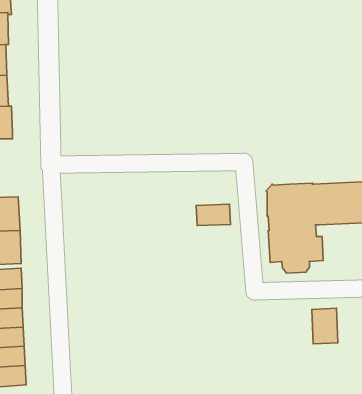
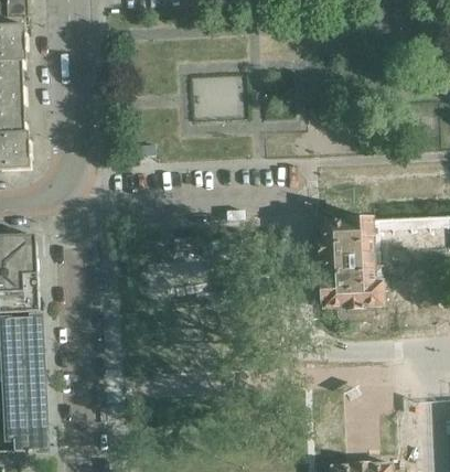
building: [196,204,231,226] -> none
building: [312,308,338,344] -> none

